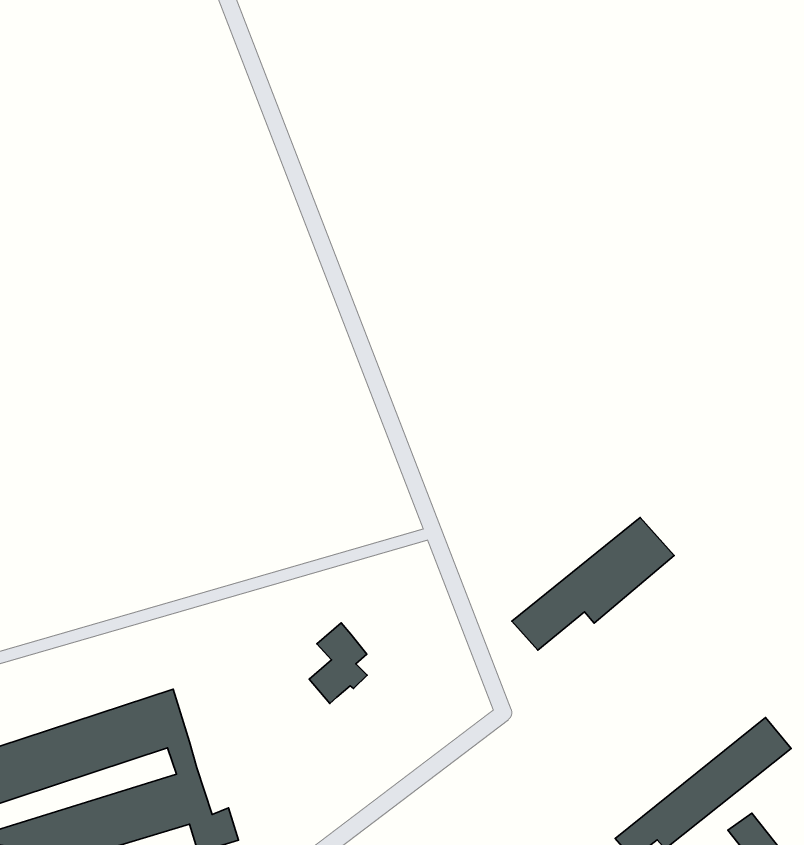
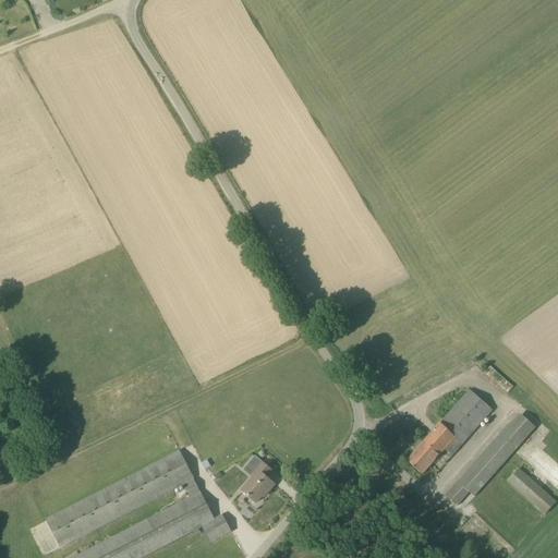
building: [512,517,674,650] -> [405,388,492,473]
building: [309,623,367,704] -> [241,454,274,501]

